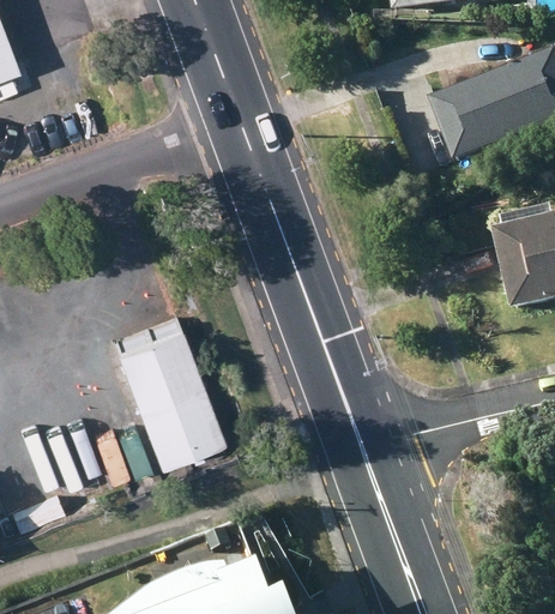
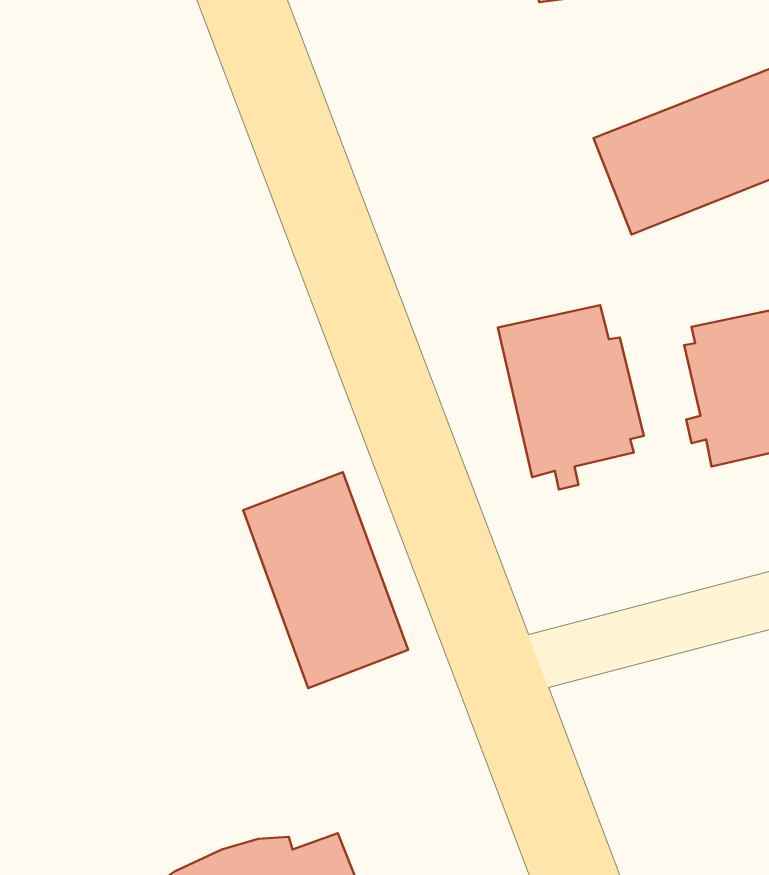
building: none -> [498,305,644,489]
building: [107,313,216,456] -> [243,472,408,688]

